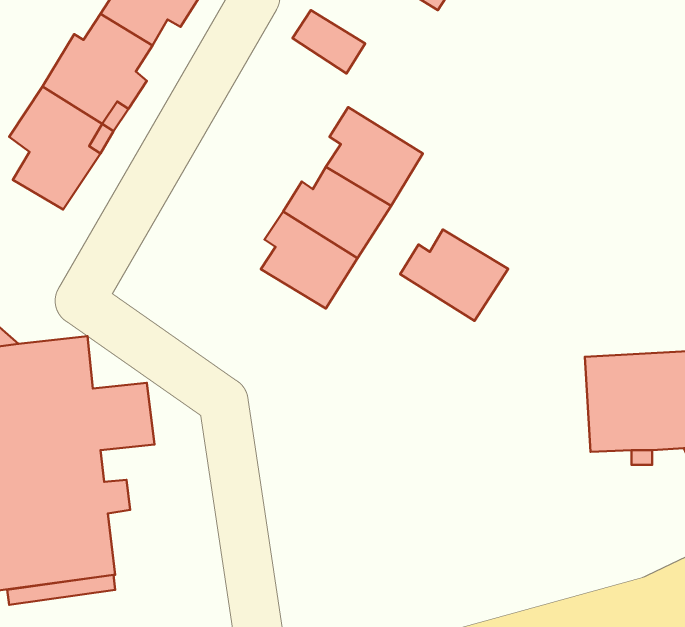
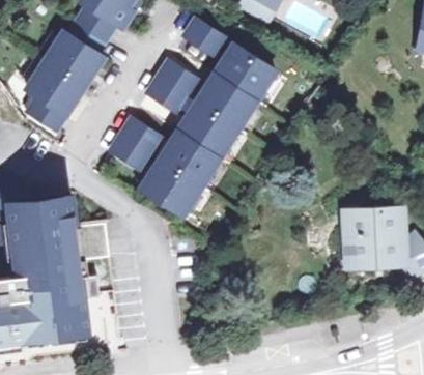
building: none -> [149,60,199,112]
building: none -> [113,118,162,169]
building: [400,230,508,321] -> [216,48,276,98]
building: none -> [143,163,203,213]

